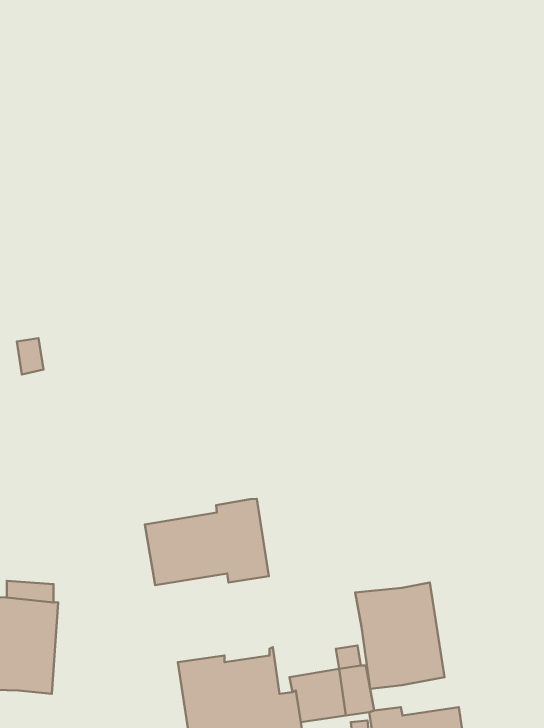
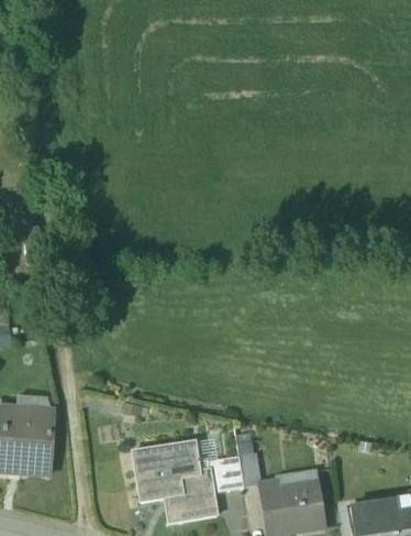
building: [145,499,269,585] -> none
building: [355,583,444,689] -> none

